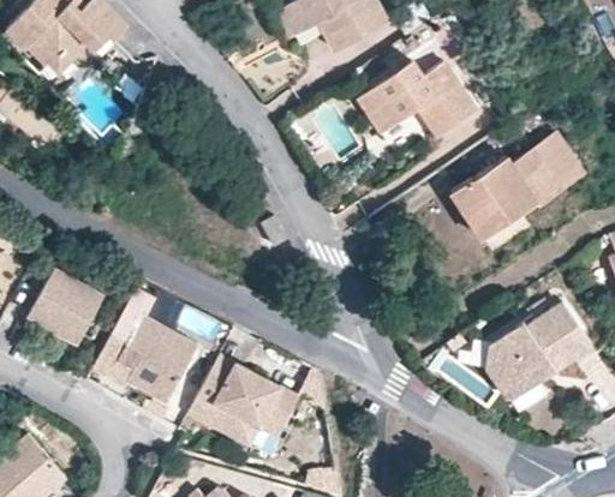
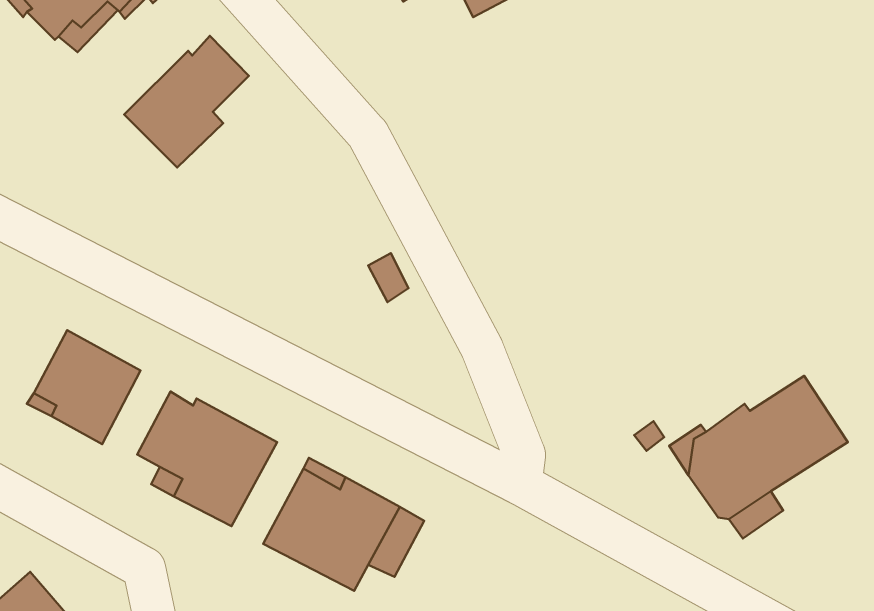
building: [358,61,477,139] -> none
building: none -> [124,36,249,167]
building: [450,133,585,241] -> none

